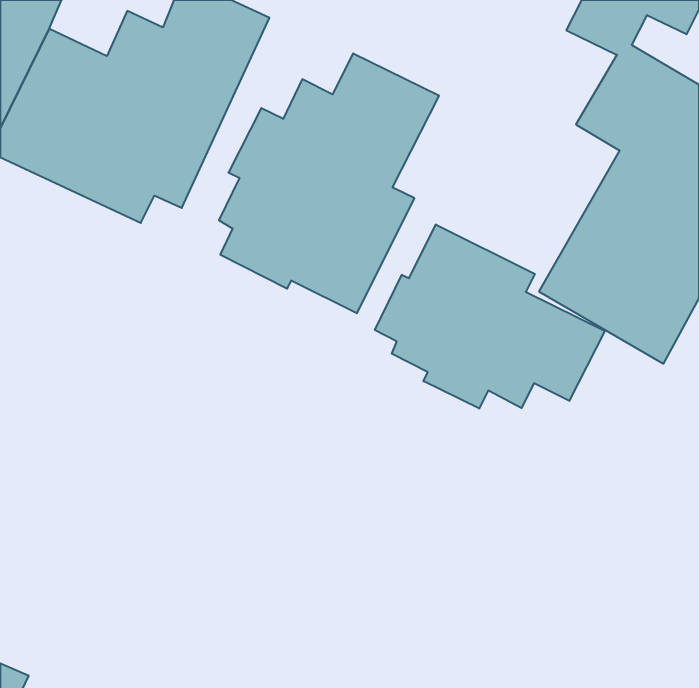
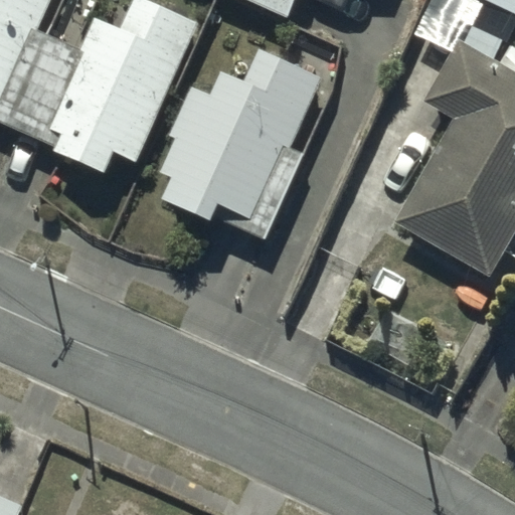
building: [375,224,605,409] -> none

